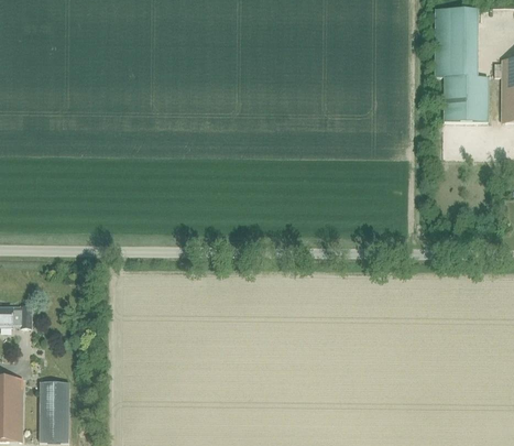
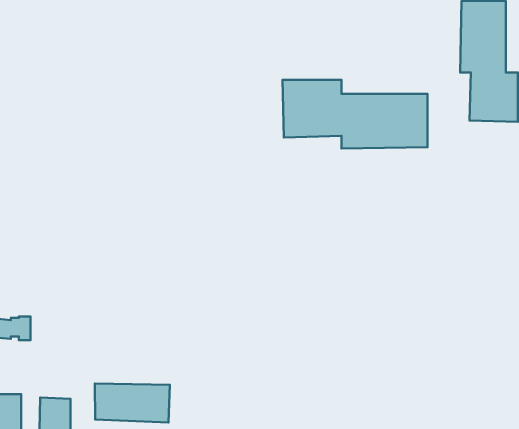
building: none -> [283,80,427,149]
building: none -> [95,383,170,422]

